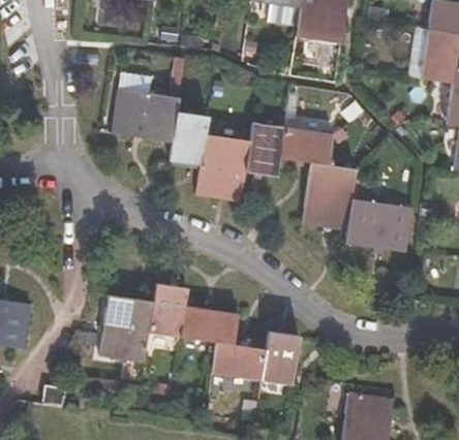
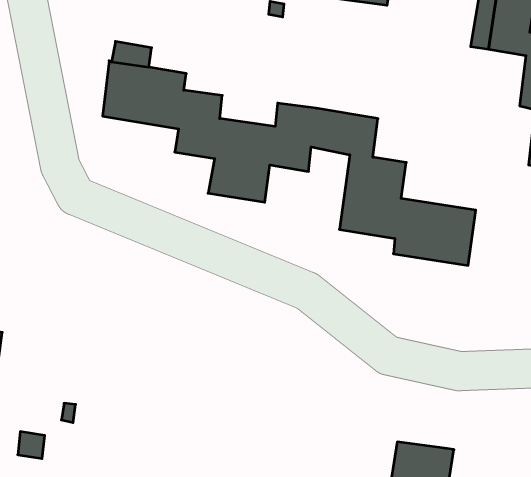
building: [100,283,299,385] -> none

